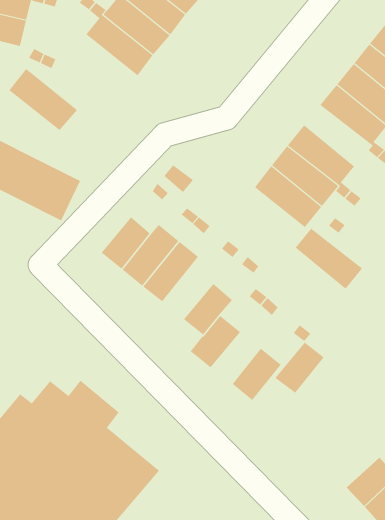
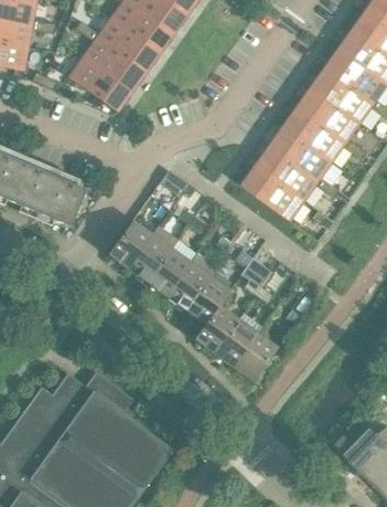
building: [9,68,78,131] -> [67,55,131,110]
building: [295,228,363,289] -> [284,107,347,161]
building: none -> [165,252,216,309]
building: [275,342,324,394] -> [213,318,257,366]

